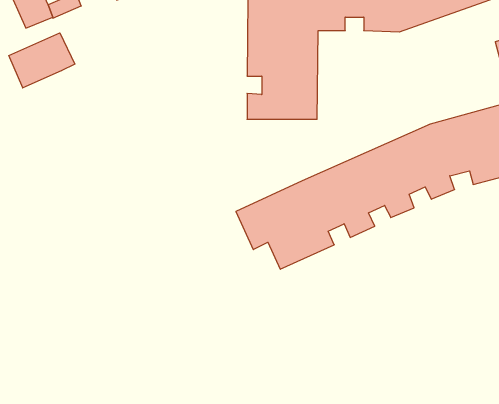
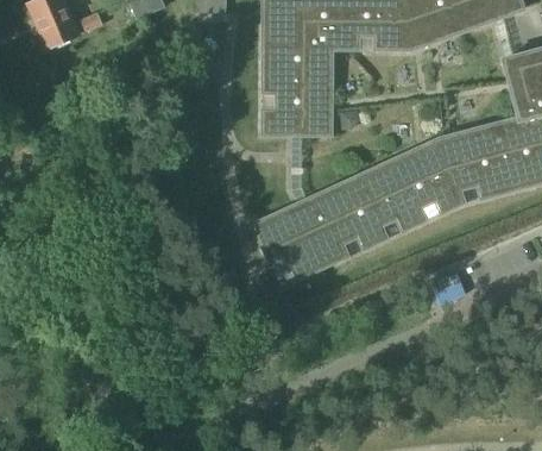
building: [9,33,75,88] -> none

